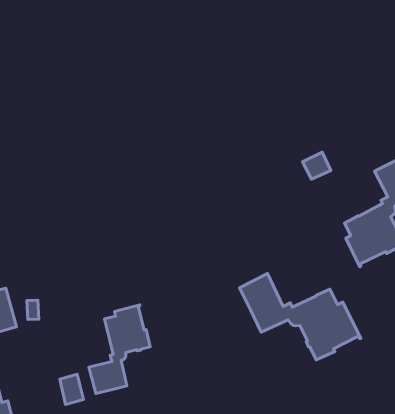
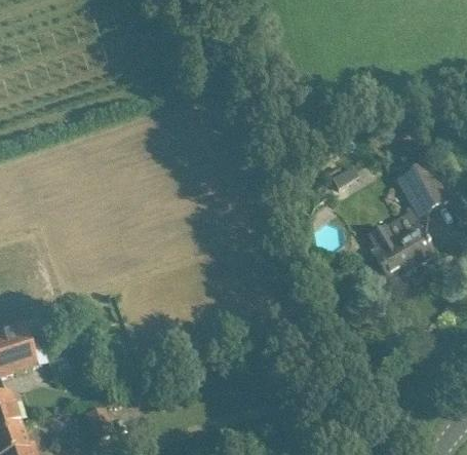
building: [240,274,361,360] -> none
building: [89,305,150,394] -> none

